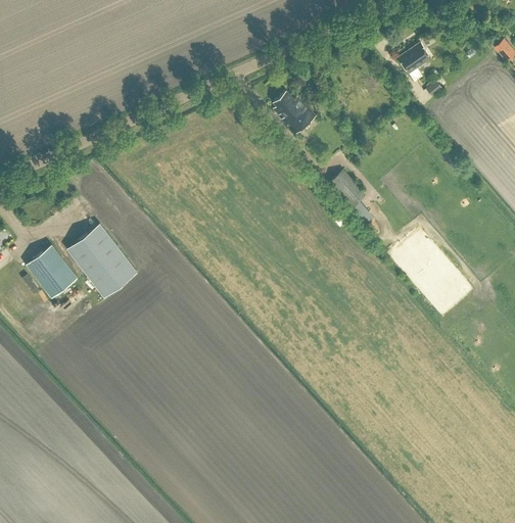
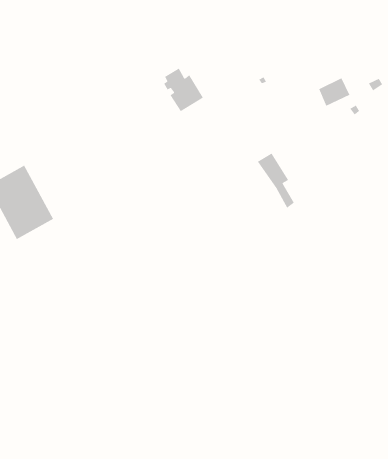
building: [399,43,431,75] -> [318,77,350,107]
building: [274,92,317,136] -> [163,67,205,112]

